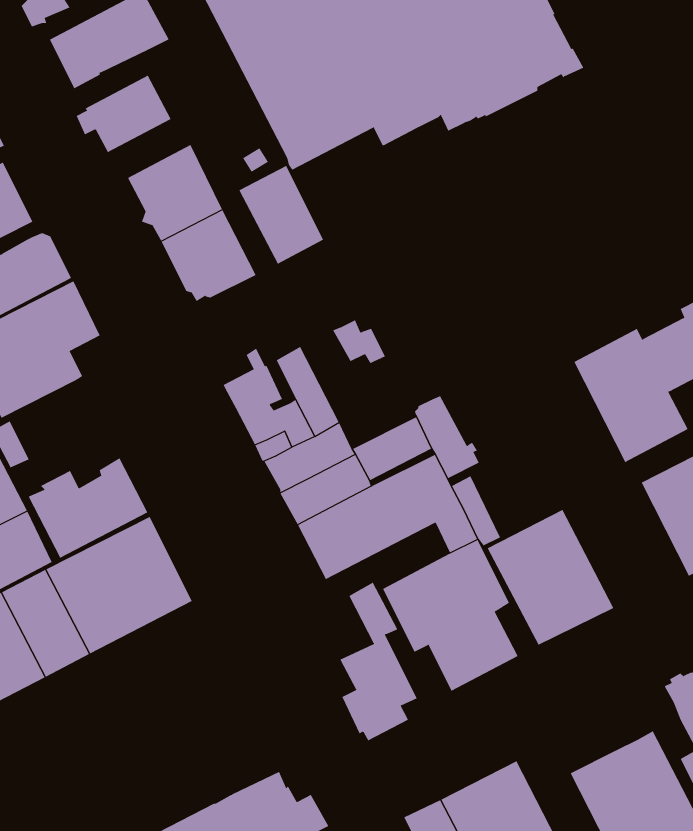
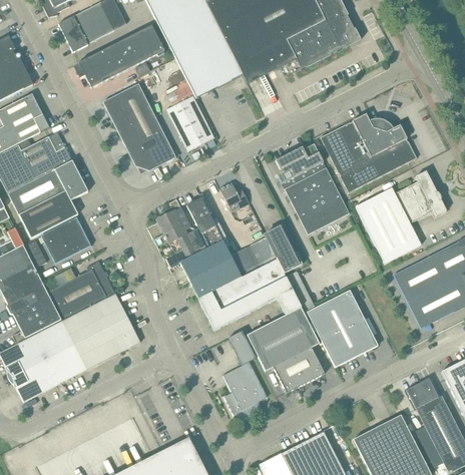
building: none -> [114,23,164,69]
building: none -> [320,114,416,192]
building: none -> [275,144,349,234]
building: none -> [40,217,90,264]

